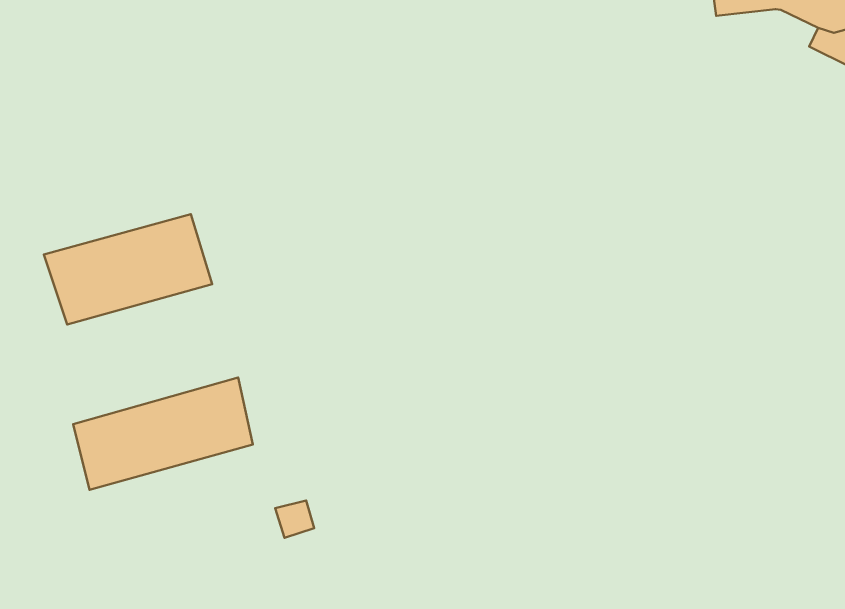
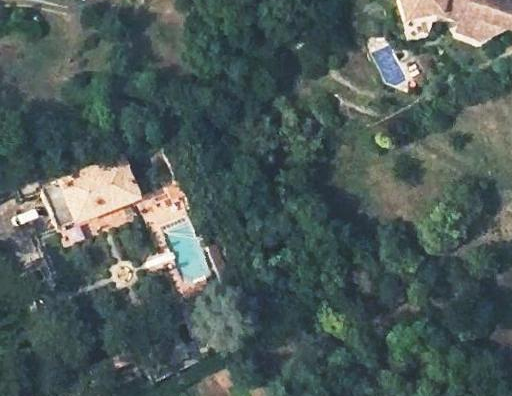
building: [73,377,253,490] -> none

